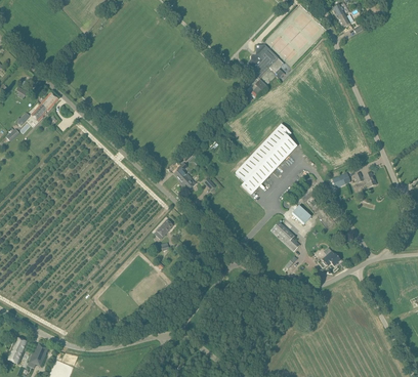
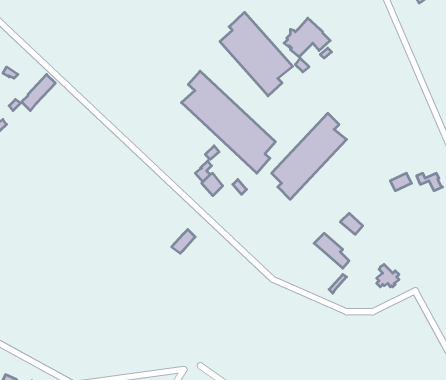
building: none -> [220,12,293,96]
building: none -> [181,71,275,173]

